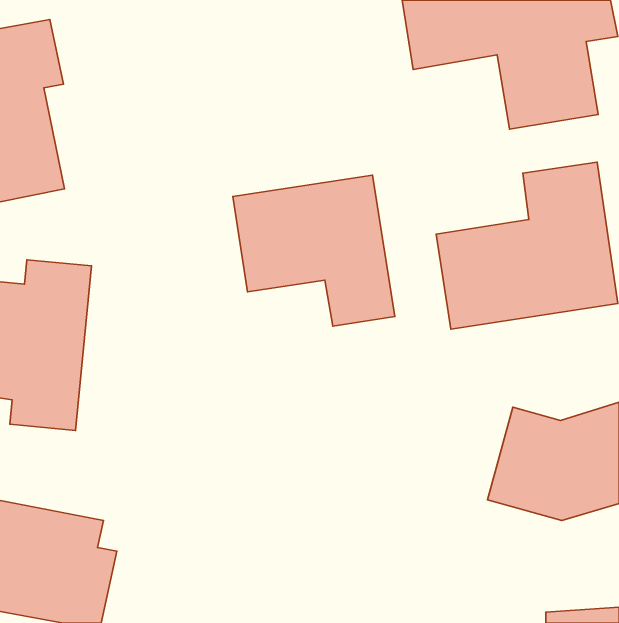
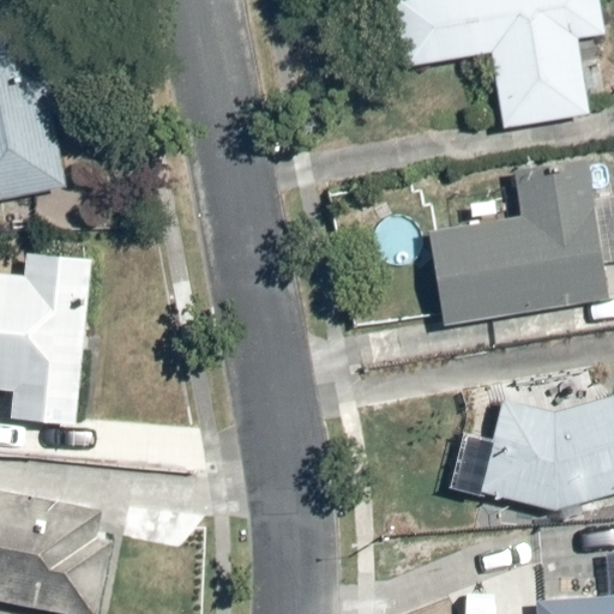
building: [233,175,395,326] -> none

